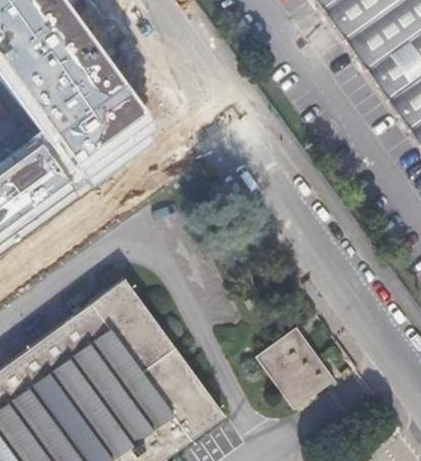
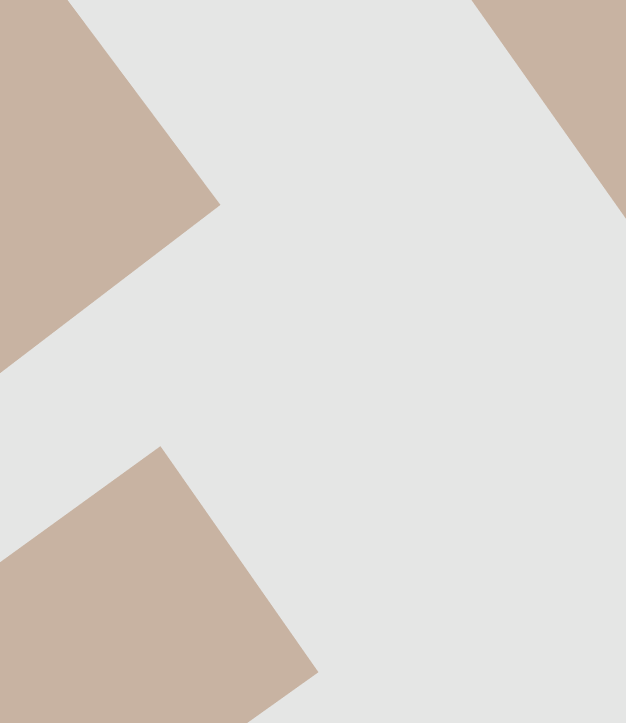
building: [257,326,336,409] -> none

